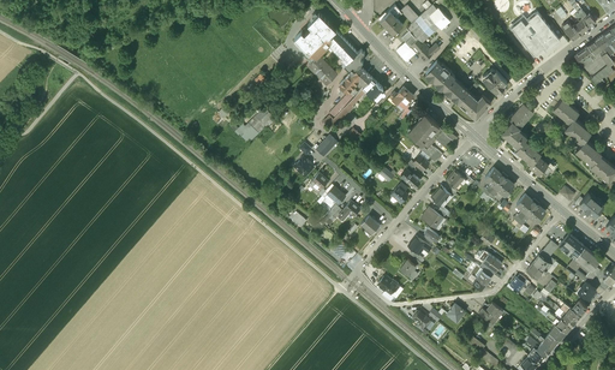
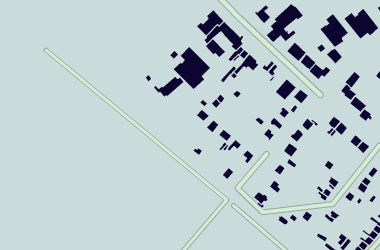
building: none -> [320,13,349,48]
building: none -> [173,46,211,90]

